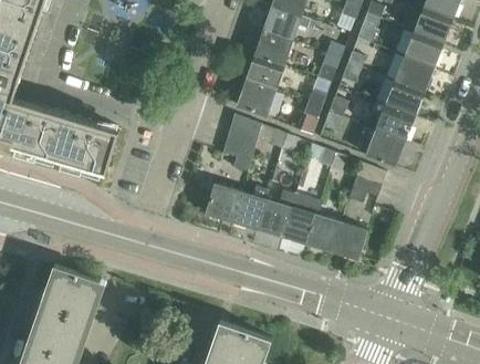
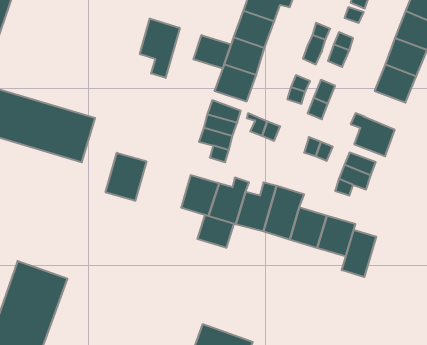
building: none -> [140,18,180,78]
building: none -> [193,35,231,69]
building: [372,102,413,142] -> none
building: none -> [106,153,146,201]
building: none -> [197,215,234,248]
building: none -> [342,230,376,277]

